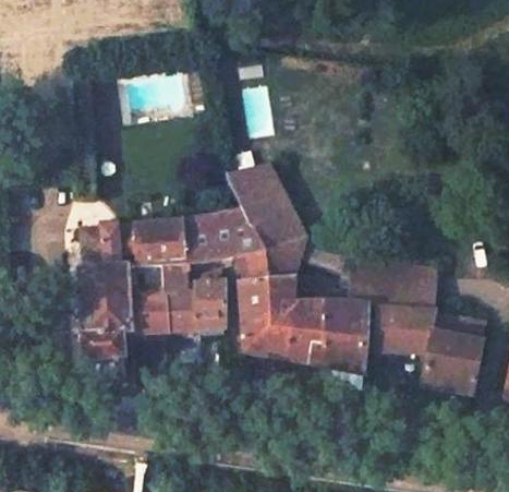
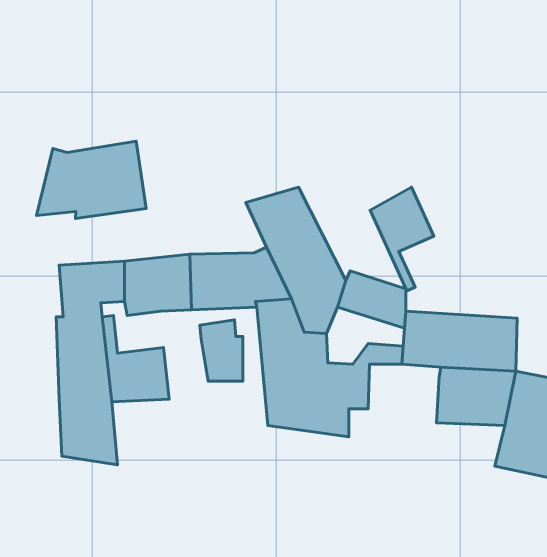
building: none -> [36,141,146,218]
building: none -> [370,187,434,291]
building: [160,262,198,332] -> none
building: [307,304,379,385] -> none

